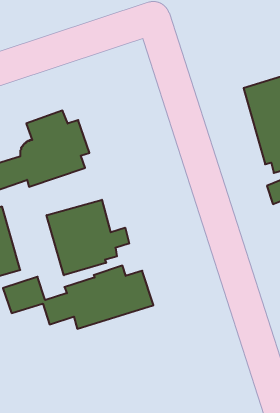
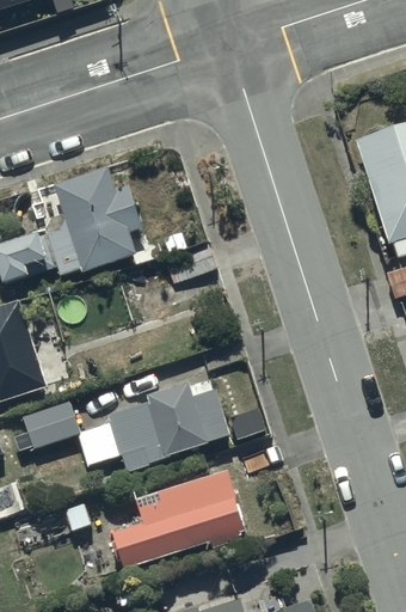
building: [47,200,129,275] -> none
building: none -> [111,473,245,565]

